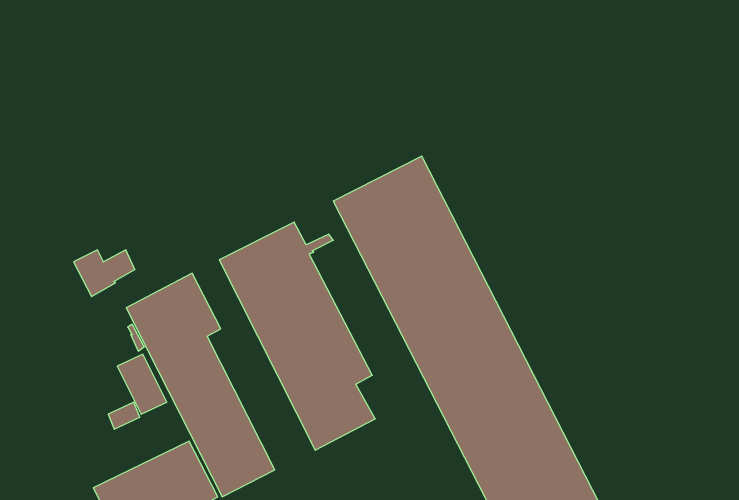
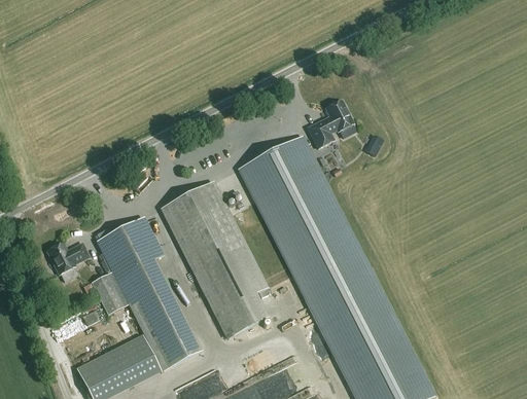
building: none -> [308,100,353,148]
building: [74,250,135,296] -> [46,243,89,275]

